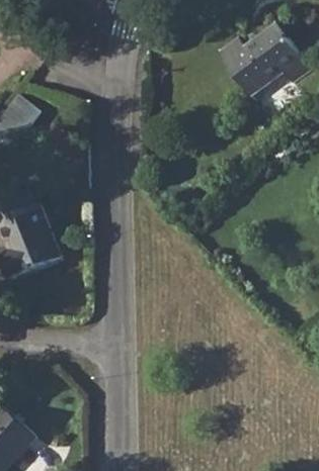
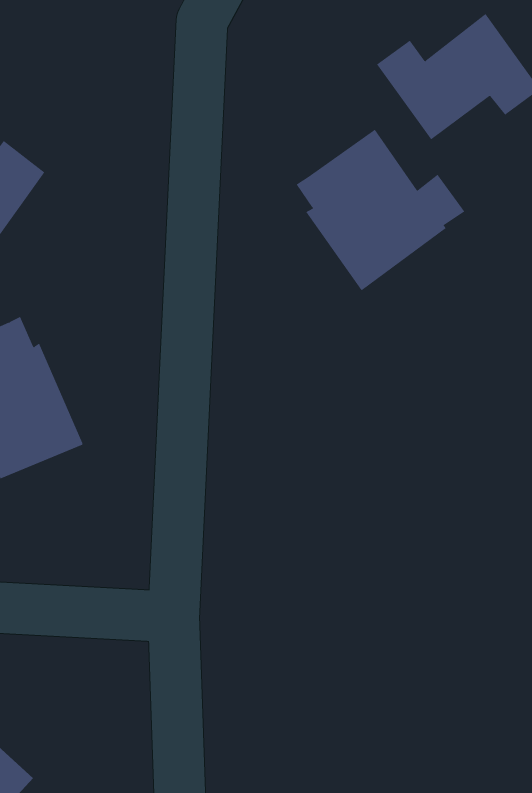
building: none -> [296,129,465,291]

